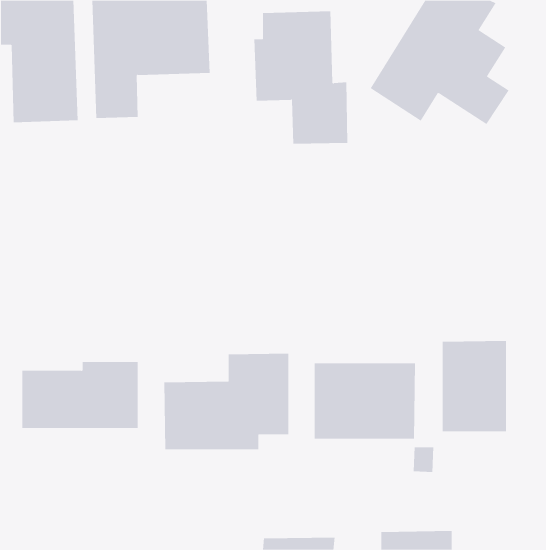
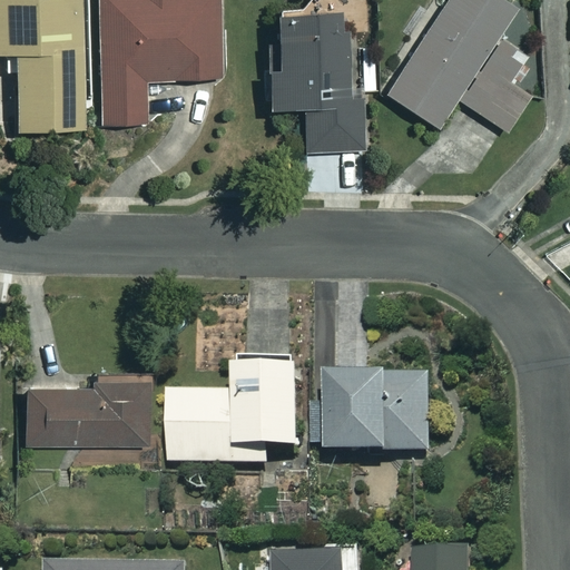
building: [442,340,507,432] -> none

